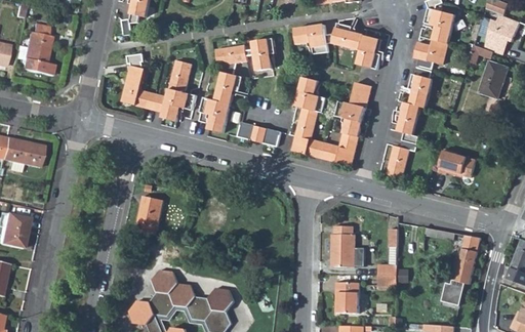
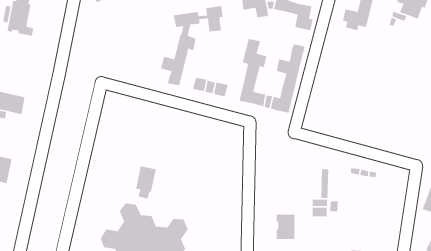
building: [121,52,196,120] -> none
building: [478,60,509,97] -> none
building: [387,67,432,177] -> none
building: [437,148,475,173] -> none
building: [136,195,162,235] -> [135,166,157,200]
building: [331,225,362,266] -> none
building: [440,235,480,304] -> none

